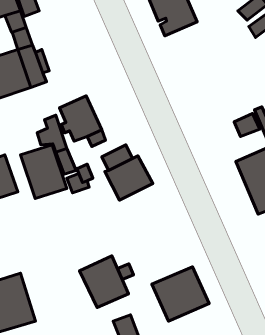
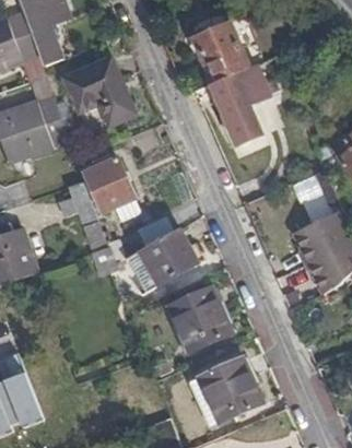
building: none -> [66,58,134,123]
building: none -> [210,67,273,148]
building: [20,145,67,199] -> none
building: [80,256,129,308] -> [171,286,228,347]

